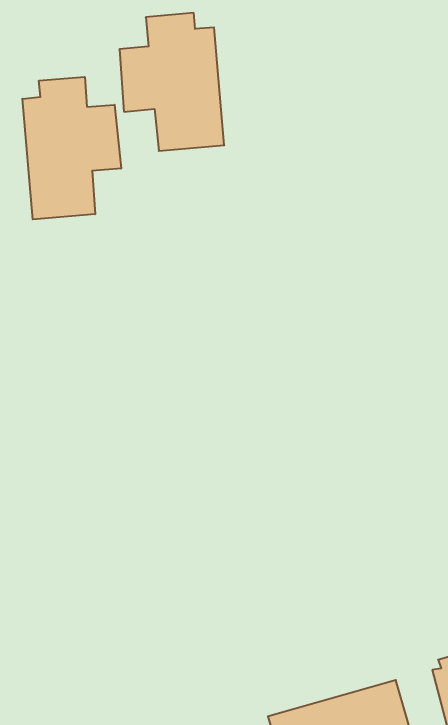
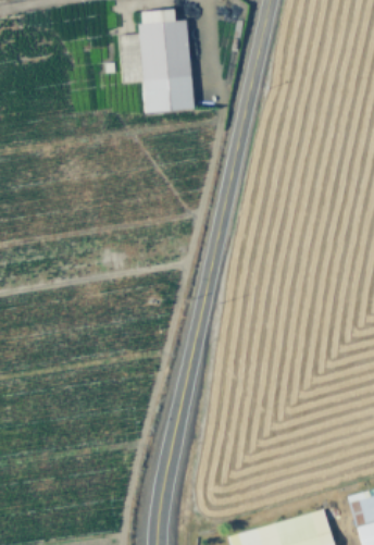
building: [22,77,121,219] -> none

